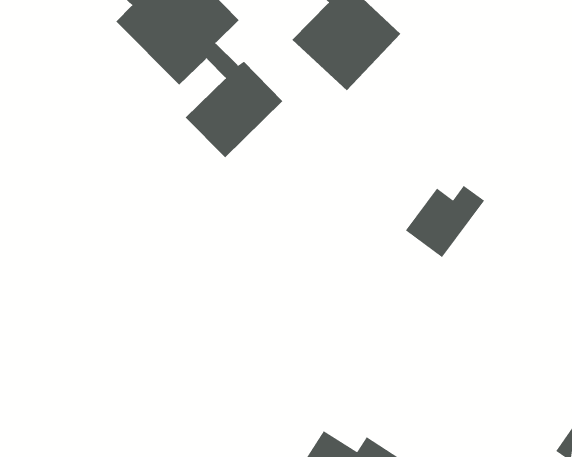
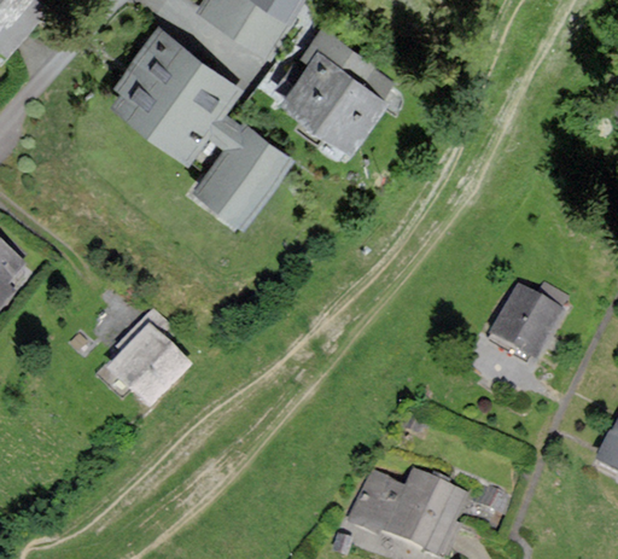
building: [405,185,485,258] -> [492,284,566,357]
building: none -> [112,310,185,408]

